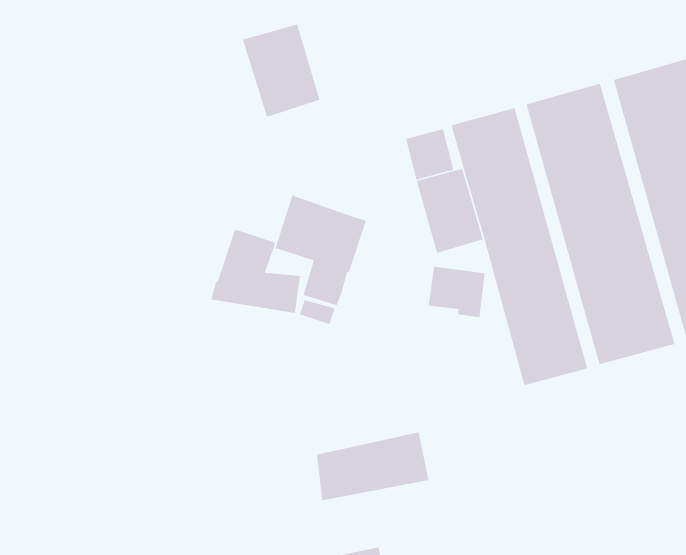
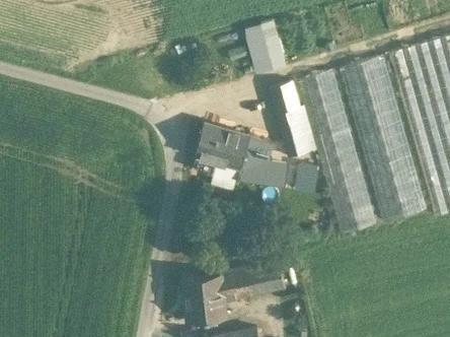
building: [242,24,320,118] -> [240,20,286,75]
building: [210,228,301,314] -> [235,139,288,189]
building: none -> [181,275,224,323]

